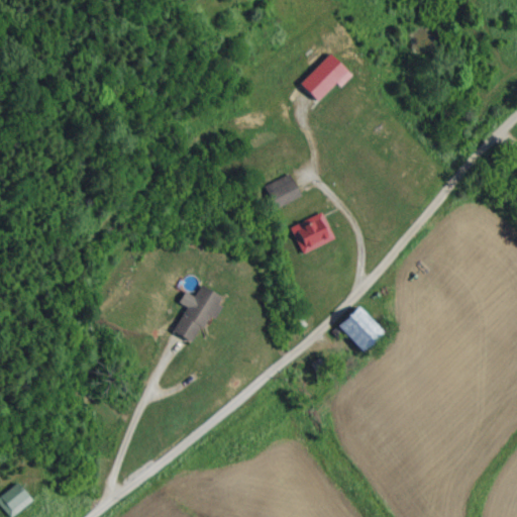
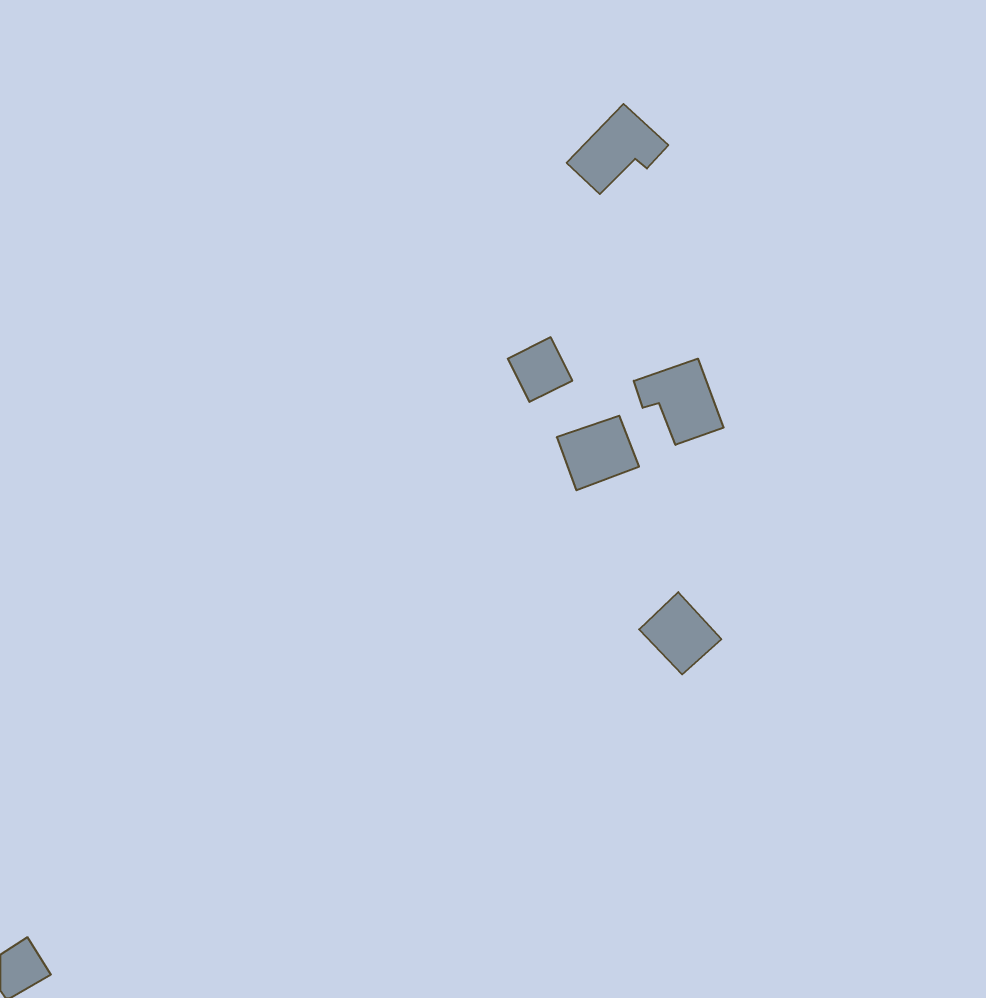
building: none -> [634,359,724,445]
building: [174,286,224,342] -> none

